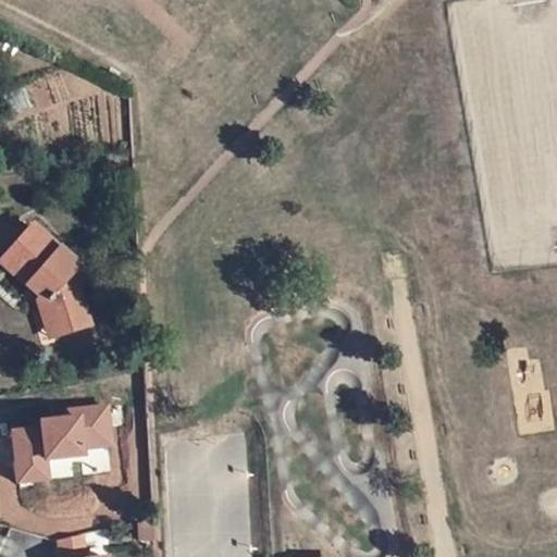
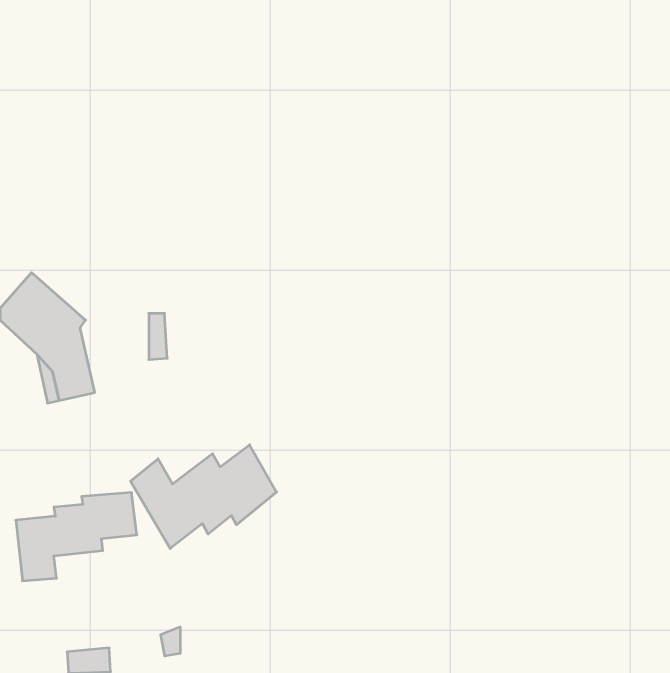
building: none -> [131,445,277,549]

